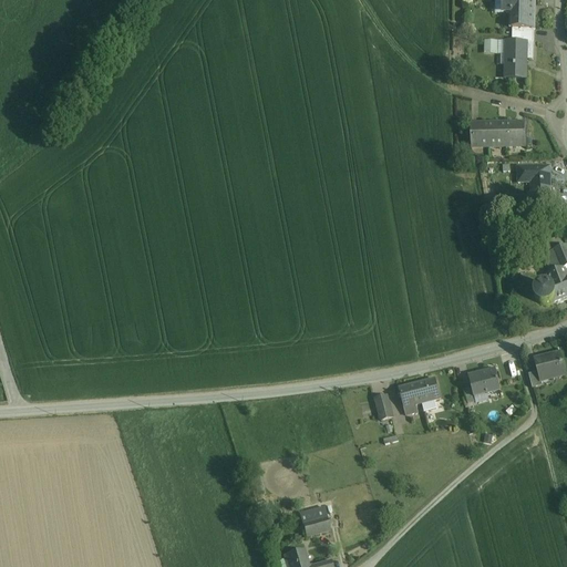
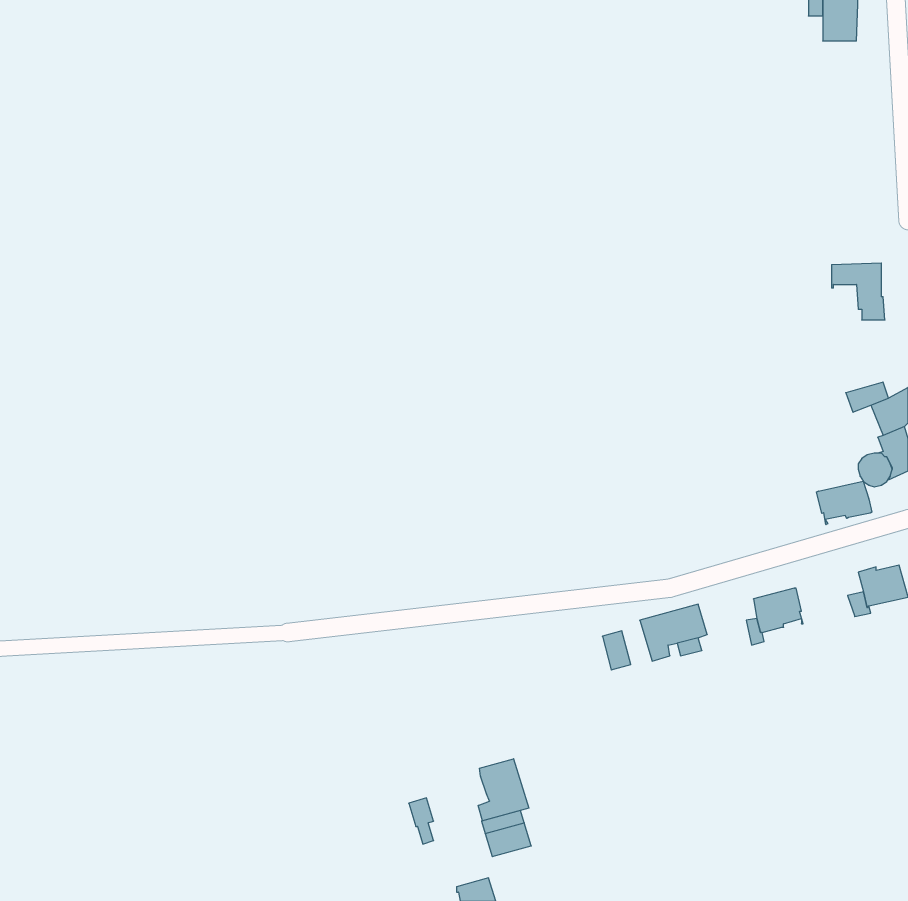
building: [505,39,534,86] -> none
building: [471,118,526,146] -> none
building: none -> [817,481,872,525]
building: none -> [478,759,529,821]

